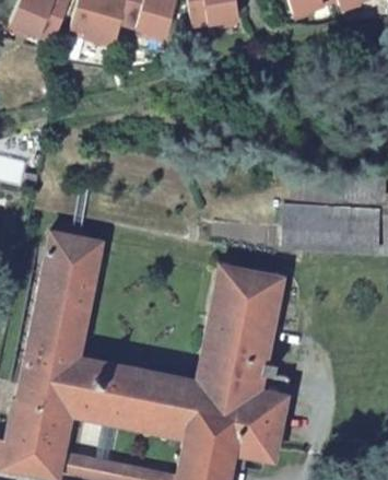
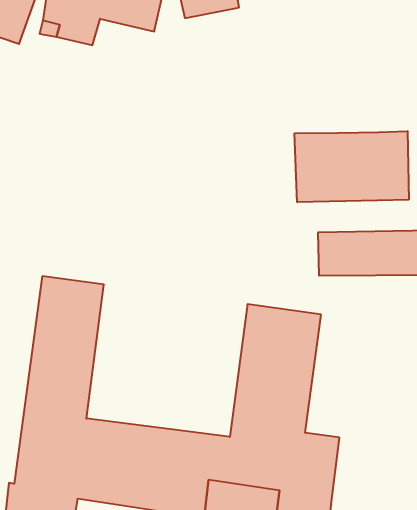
building: none -> [295,131,409,202]

